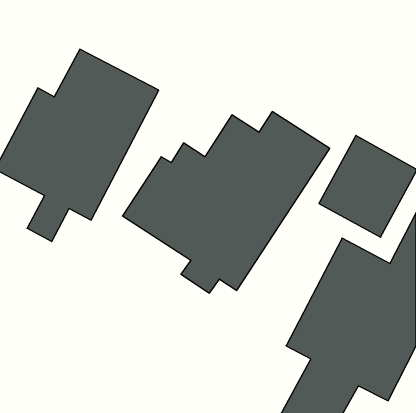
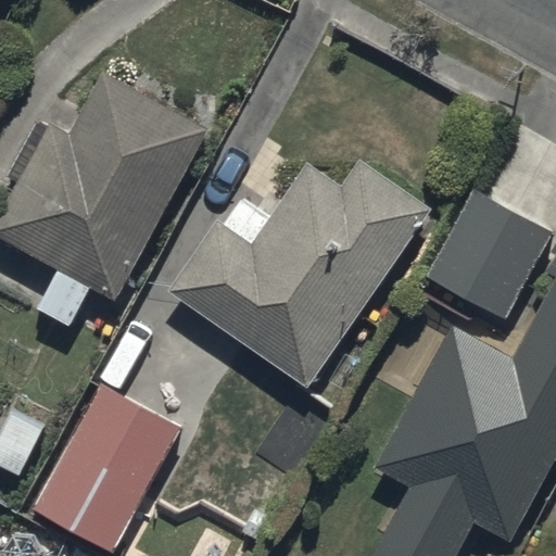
building: none -> [31,381,180,551]

